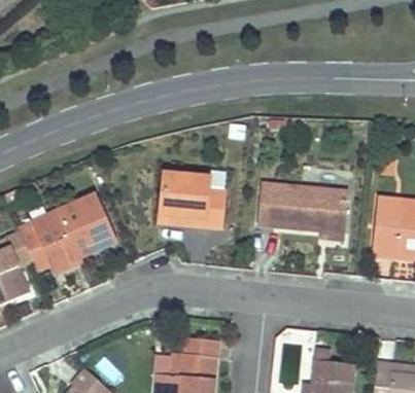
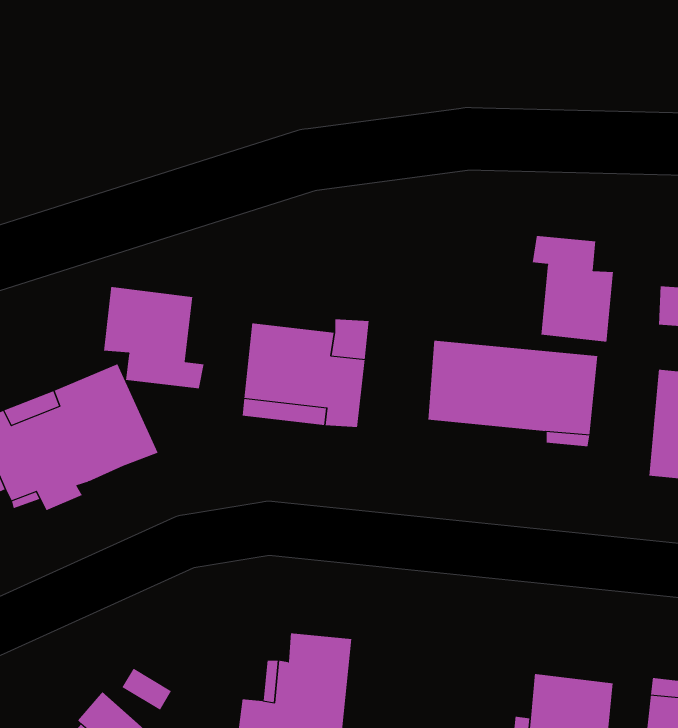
building: none -> [532,235,614,342]
building: none -> [103,286,204,389]

